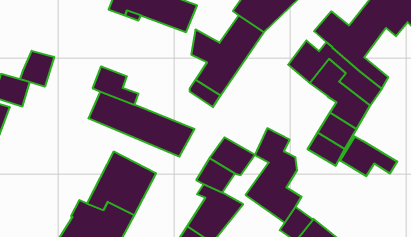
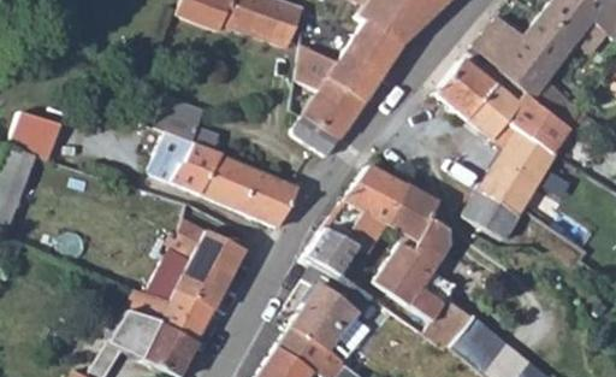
building: [20,51,54,87] -> none
building: none -> [344,166,405,224]
building: [340,136,397,176] -> none

